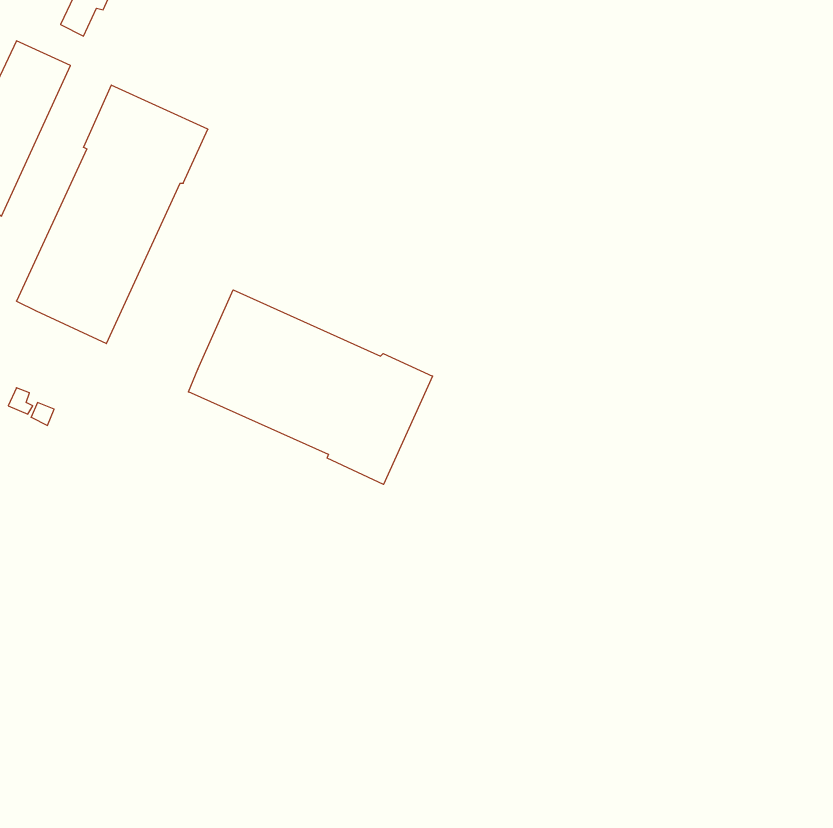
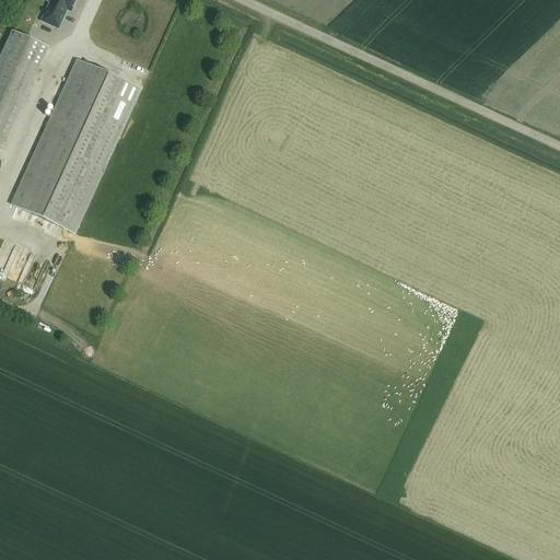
building: [188,290,433,484] -> none

